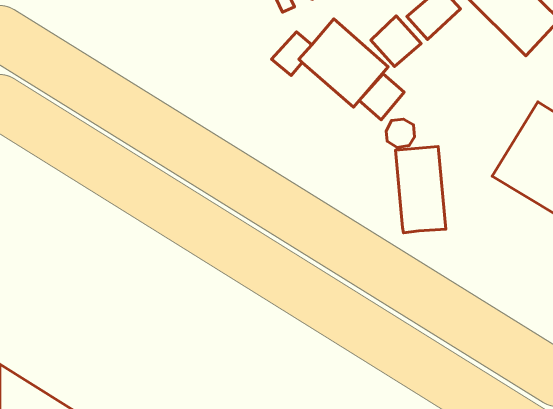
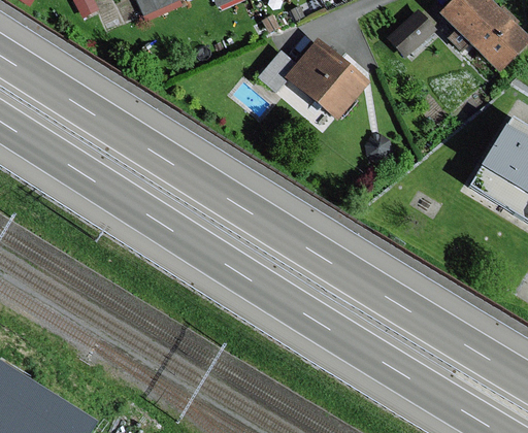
building: [371,16,421,66] -> none
building: [359,74,404,120] -> none
building: [396,147,446,233] -> none

